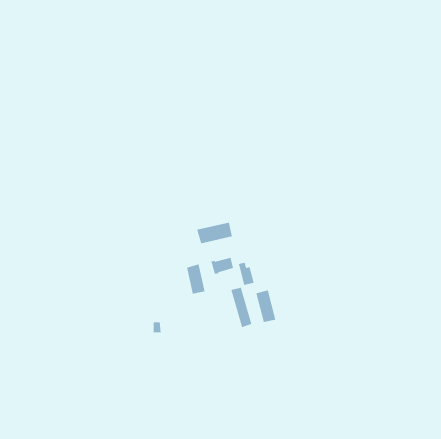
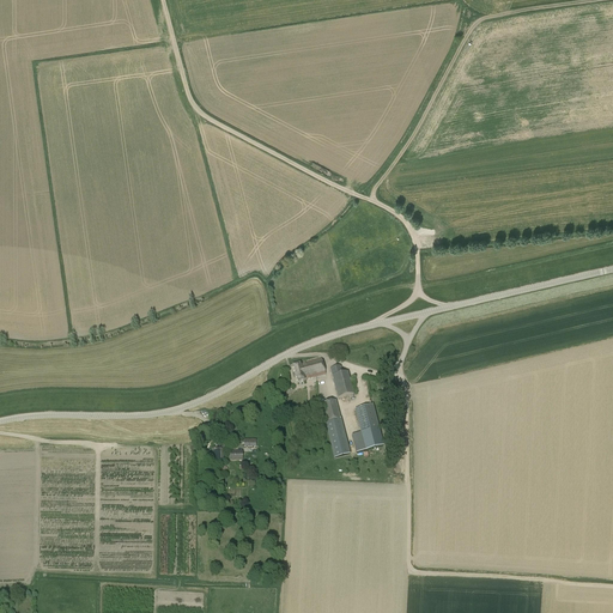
building: [197,222,232,244] -> none
building: [186,264,205,295] -> none

